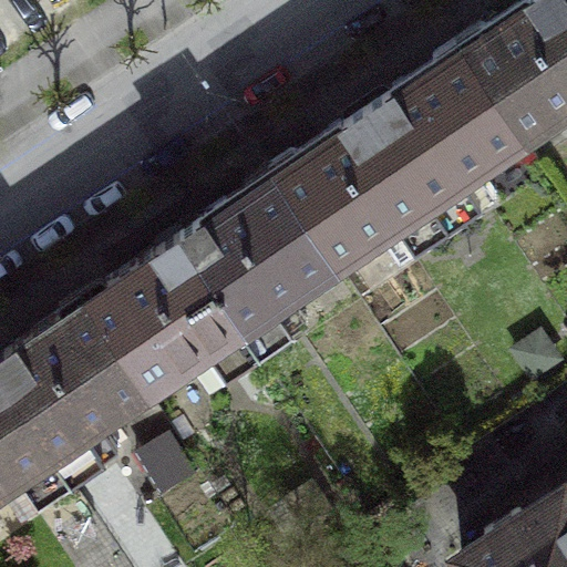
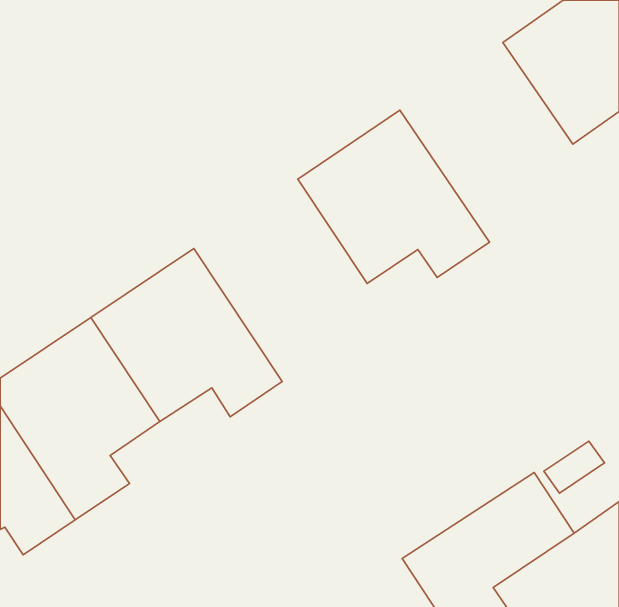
building: [365,50,524,233] -> none
building: [177,175,336,360] -> none

